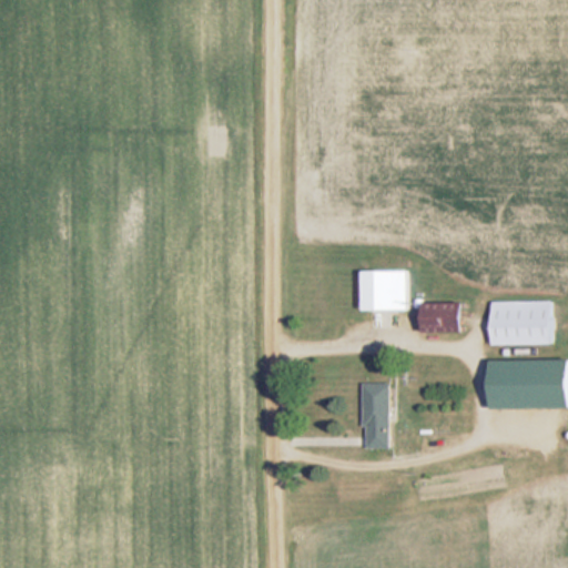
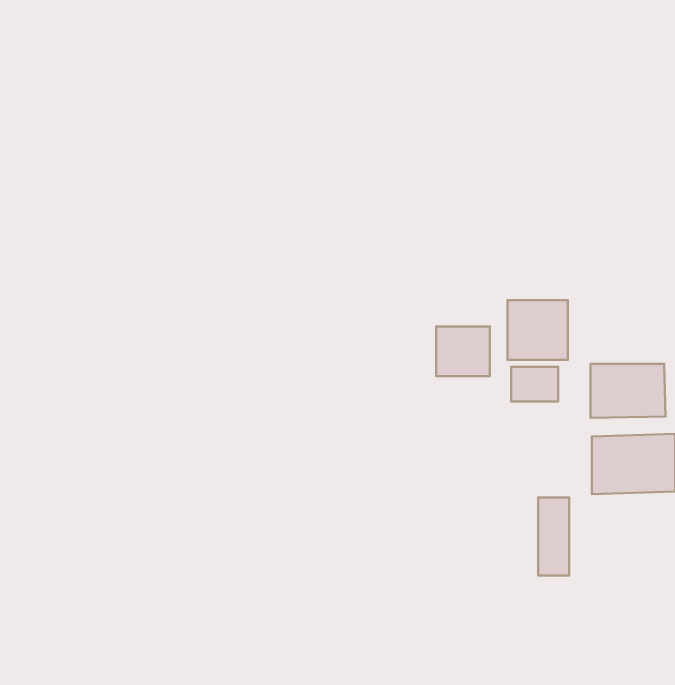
building: none -> [507,300,568,360]
building: [362,384,387,448] -> [538,498,569,576]

